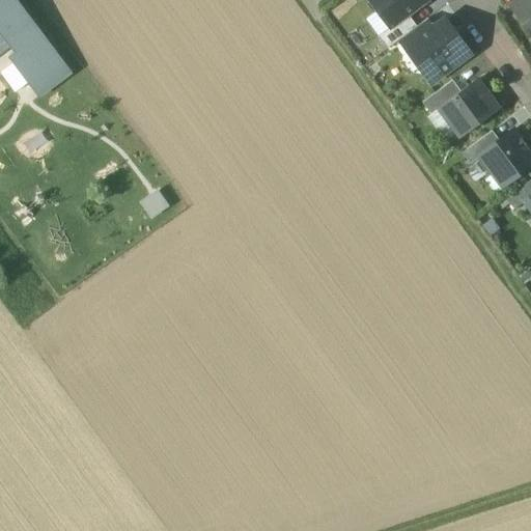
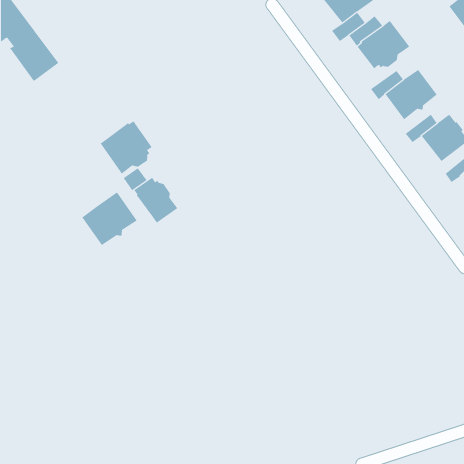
building: none -> [100,120,152,174]
building: none -> [134,177,178,224]
building: none -> [82,192,138,246]

